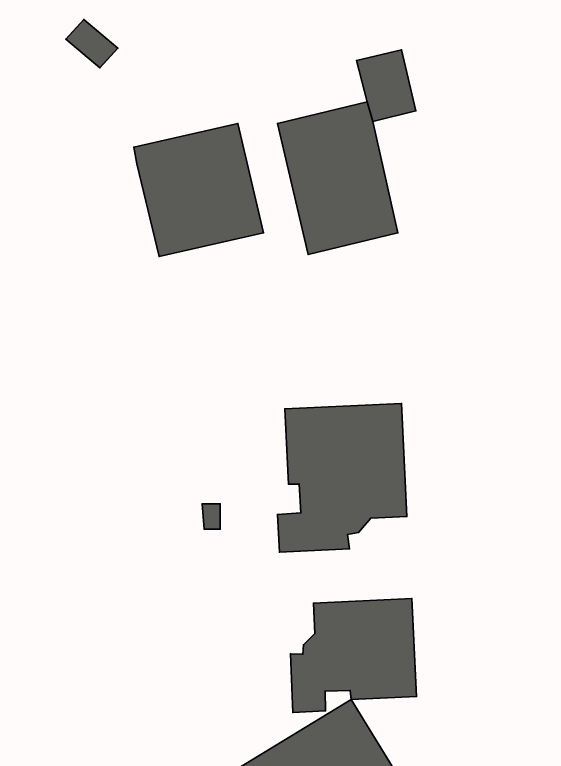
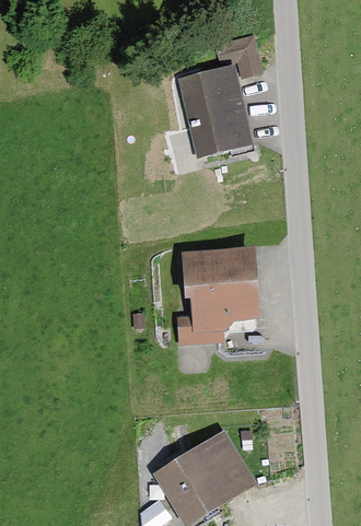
building: [134,123,263,257] -> none
building: [290,599,417,712] -> none

